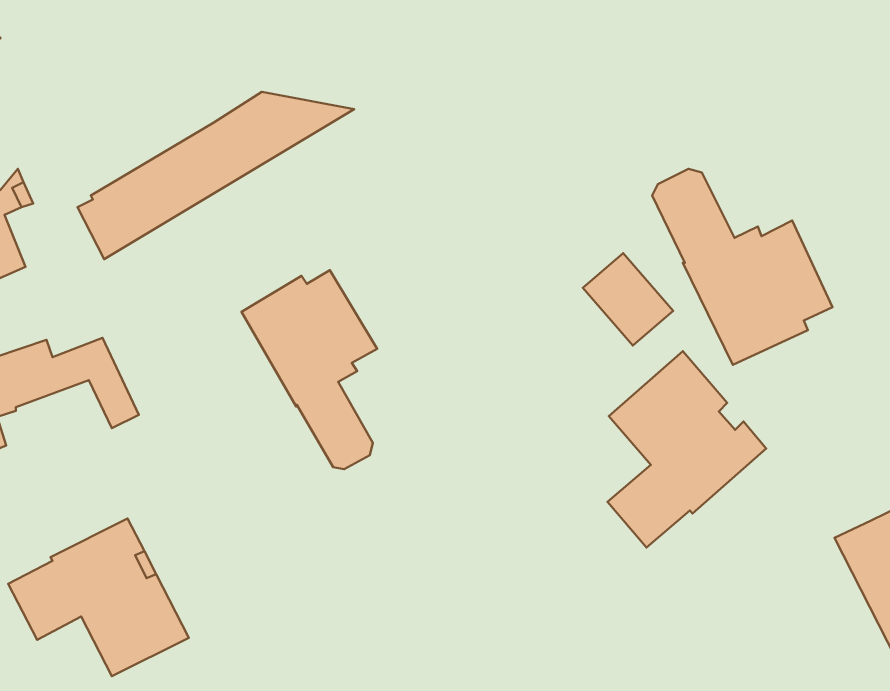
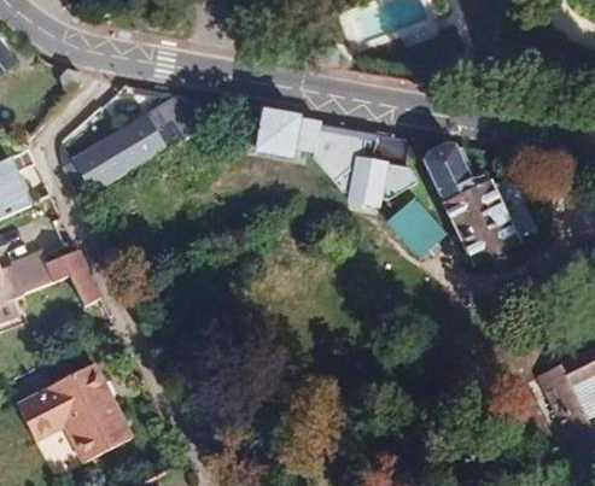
building: none -> [237,107,416,206]
building: [242,270,377,469] -> none
building: [607,351,766,547] -> none

